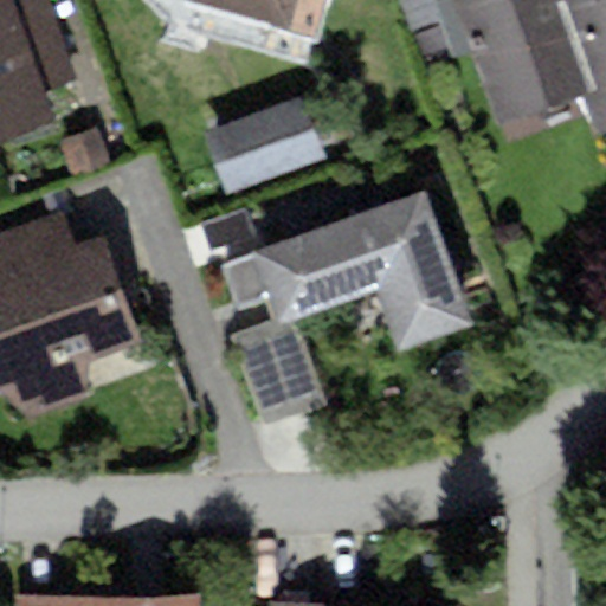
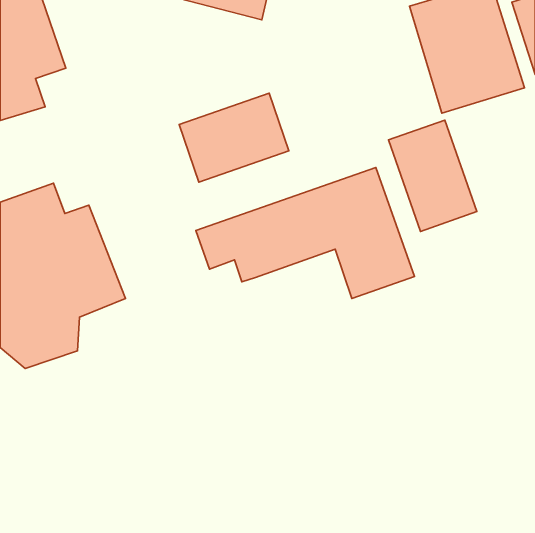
building: none -> [389,120,477,231]
building: [230,314,321,426] -> none

